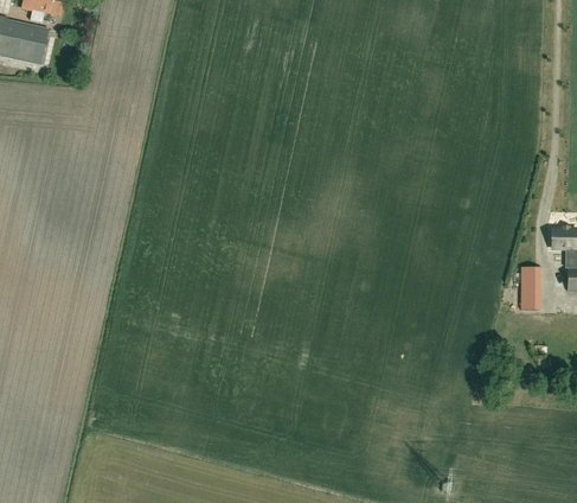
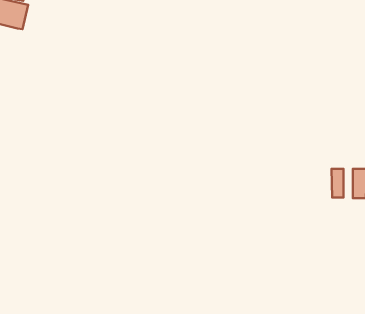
building: none -> [331,169,343,197]

